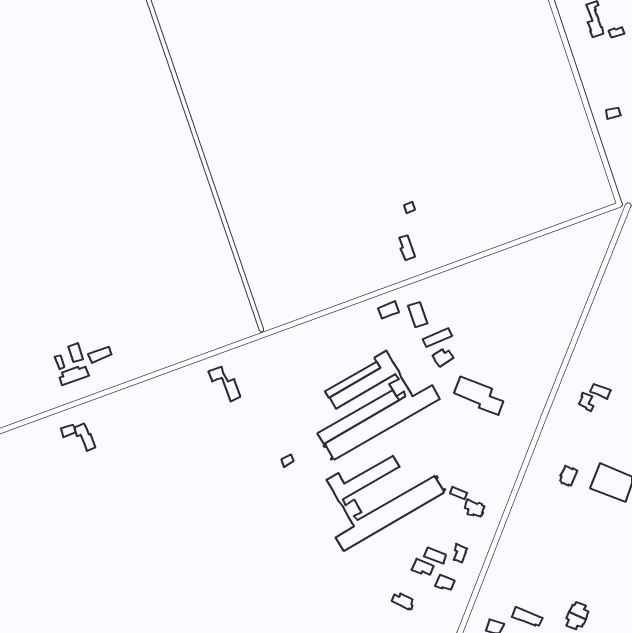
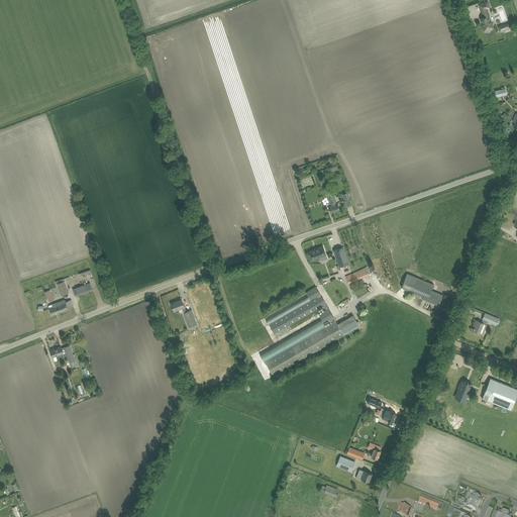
building: [454,377,503,415] -> [401,274,441,305]
building: [326,456,445,551] -> none

